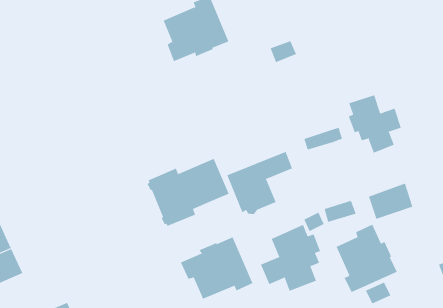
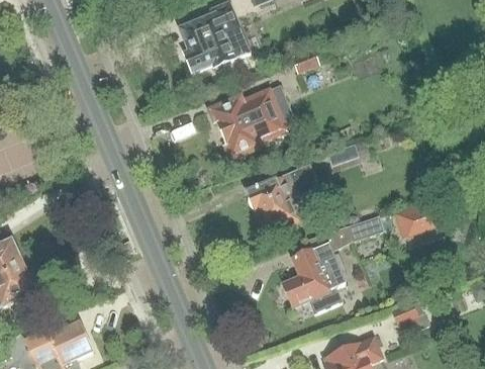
building: [348,95,402,153] -> none
building: [147,158,230,226] -> [209,86,296,158]
building: [336,224,397,293] -> none
building: [180,237,253,300] -> none

